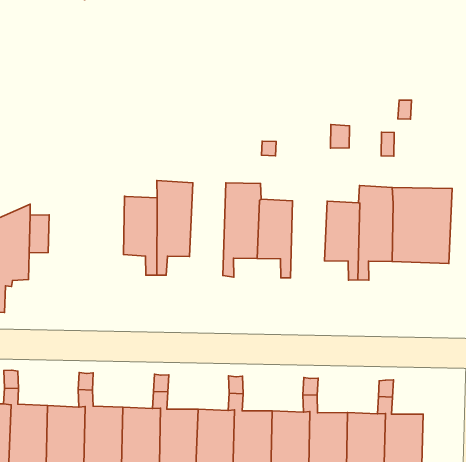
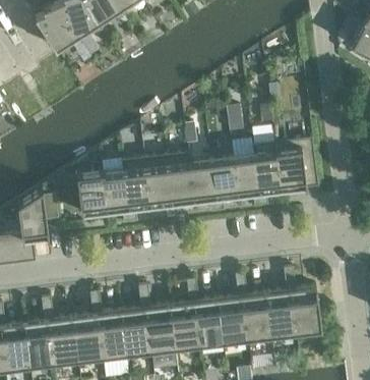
building: none -> [144,156,173,217]
building: none -> [66,172,107,216]
building: none -> [210,158,237,211]

